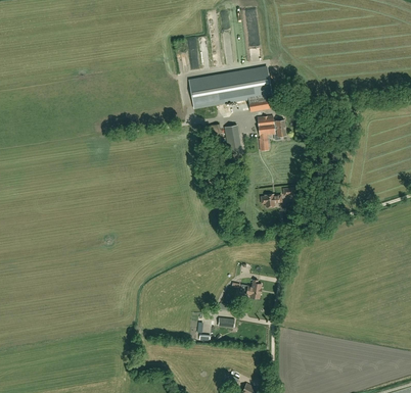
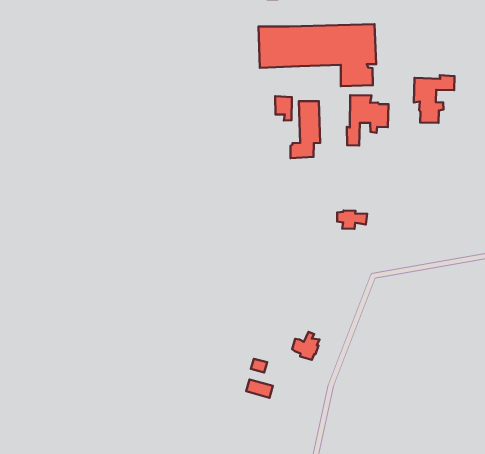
building: none -> [414,75,454,123]

